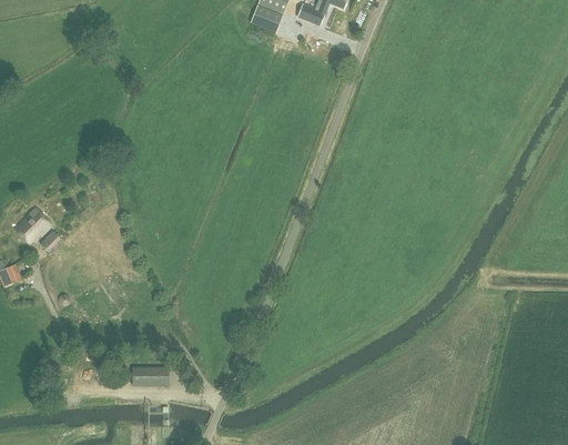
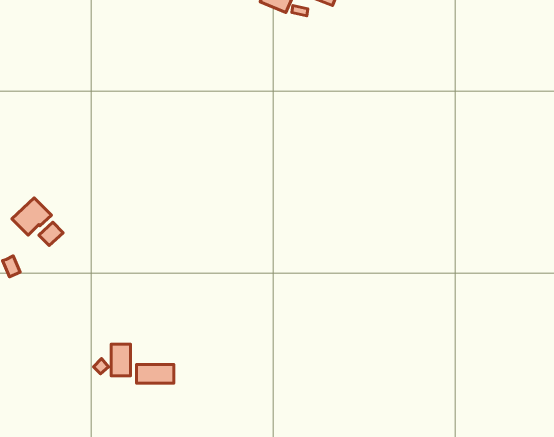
building: none -> [111,344,130,376]

